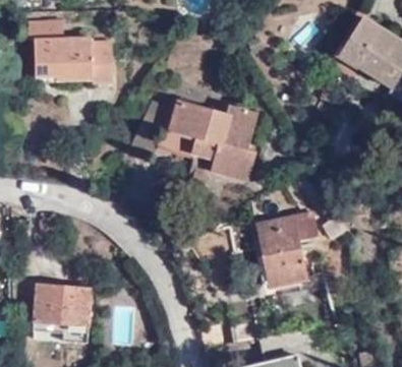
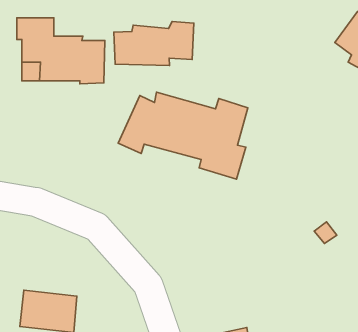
building: none -> [114,22,194,66]
building: [256,217,315,290] -> none

